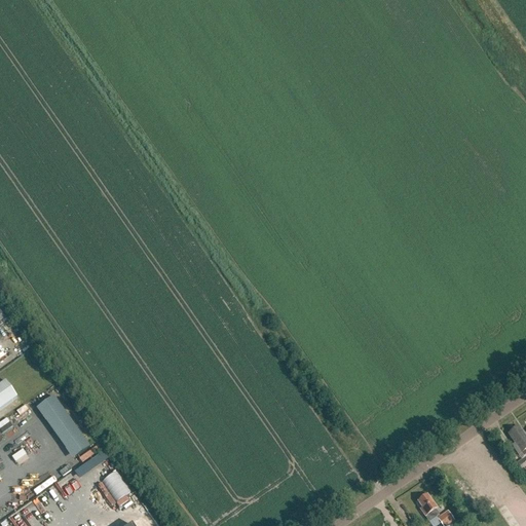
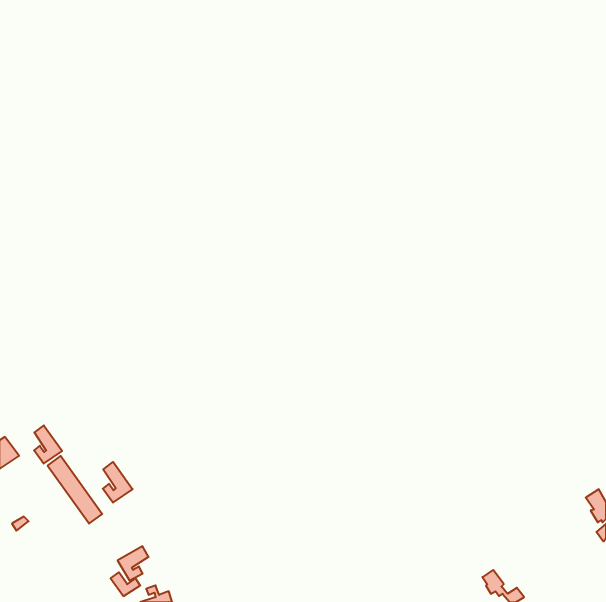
building: none -> [34,425,62,464]
building: none -> [103,462,133,503]

